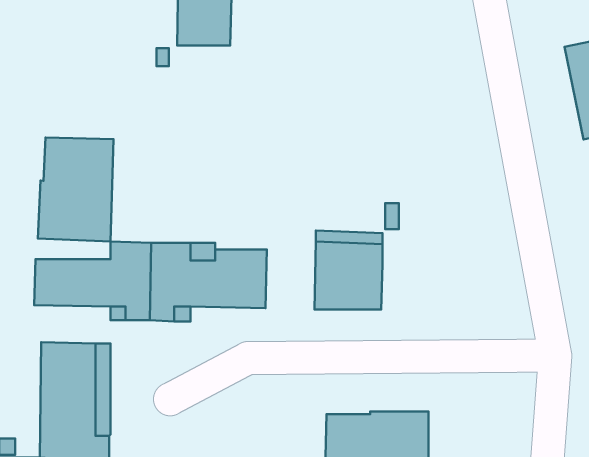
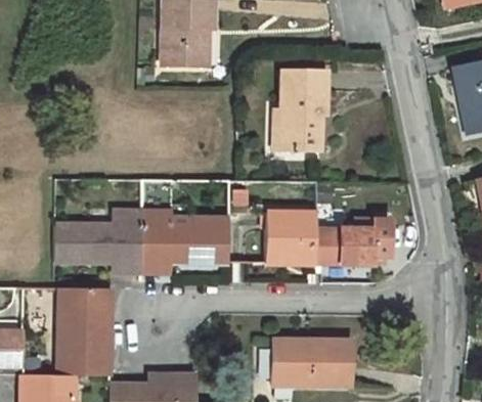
building: none -> [280,69,327,150]
building: [38,138,113,241] -> none
building: none -> [315,219,392,264]

